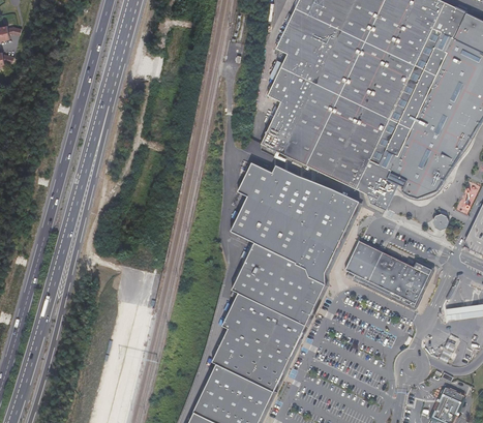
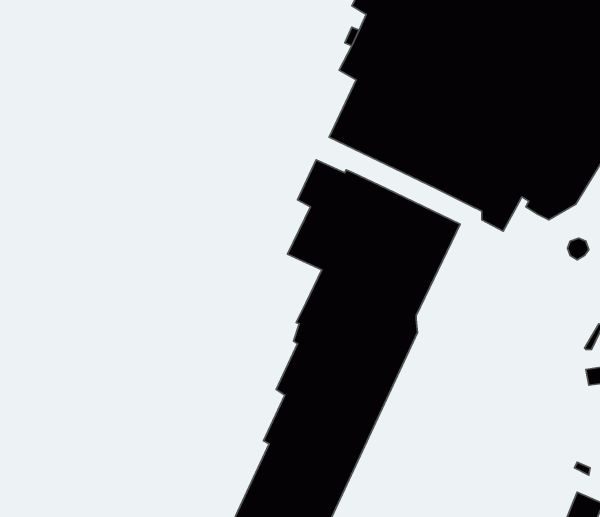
building: [344,237,430,303] -> none

